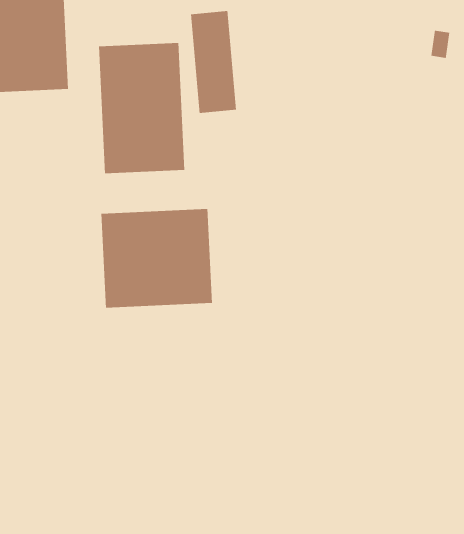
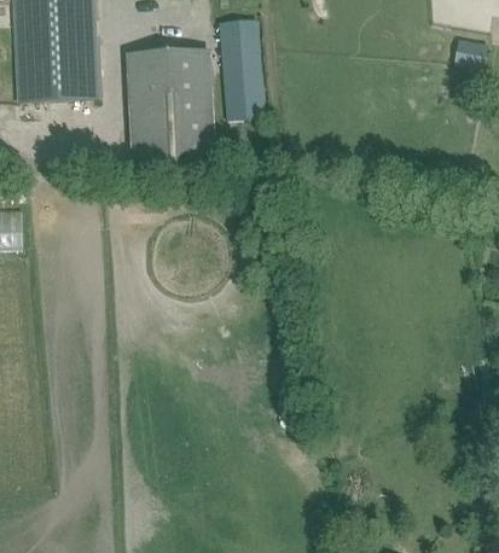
building: [101,208,213,309] -> none

